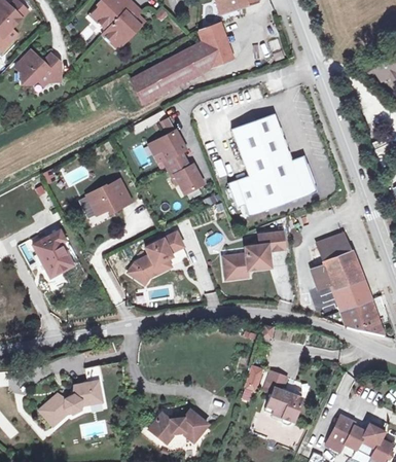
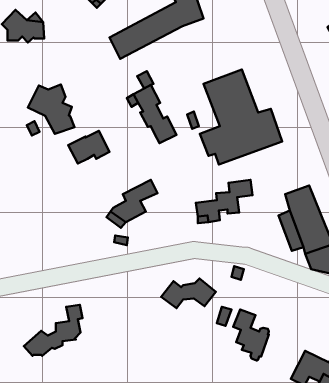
building: none -> [28,85,74,134]
building: [33,230,72,276] -> none
building: [147,412,206,443] -> [161,278,216,308]

